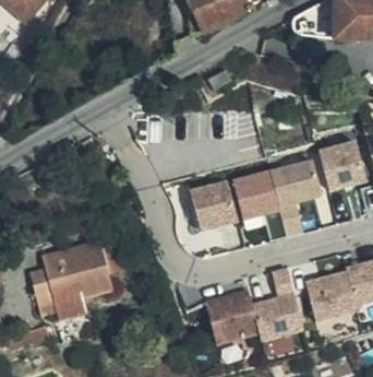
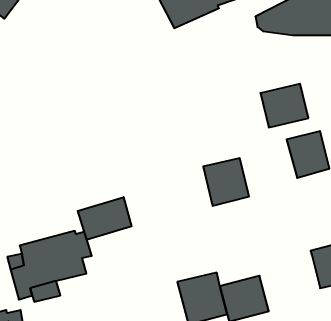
building: [272,158,322,204] -> [260,84,308,127]
building: [192,179,237,228] -> none
building: none -> [78,197,132,240]
building: [306,270,357,320] -> none

